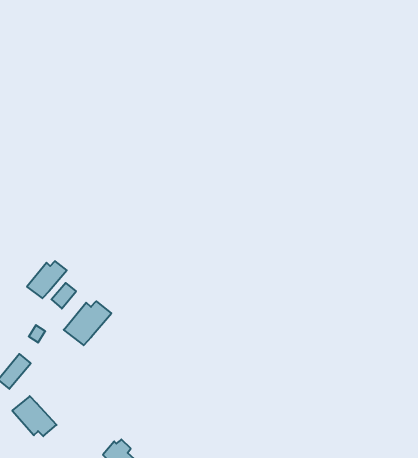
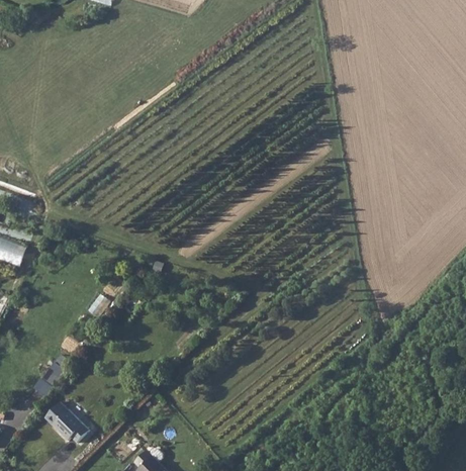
building: [27,261,67,298] -> none
building: [64,301,111,345] -> none

